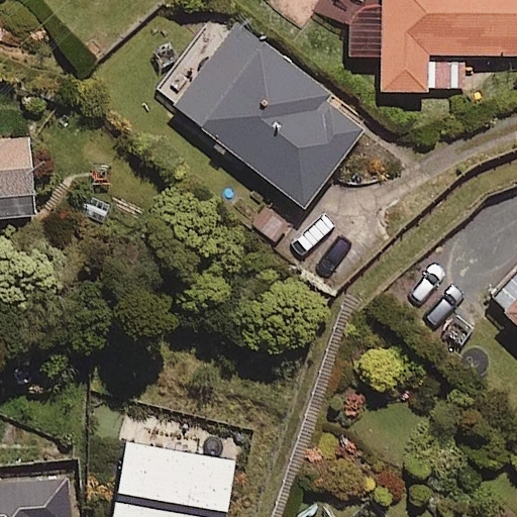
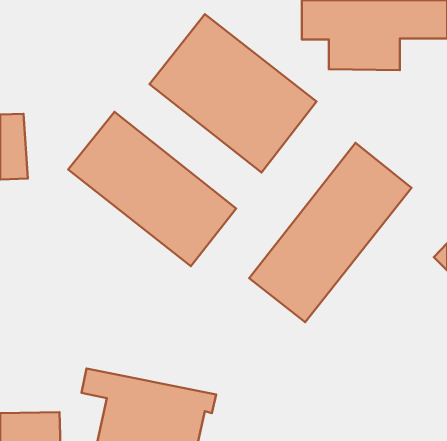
building: none -> [68,112,236,266]
building: none -> [249,143,412,322]

